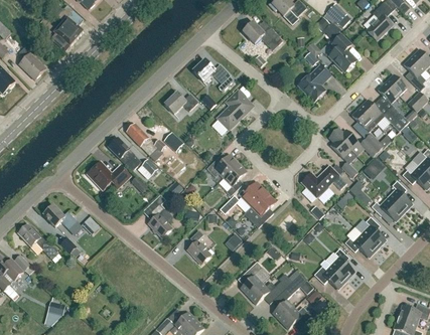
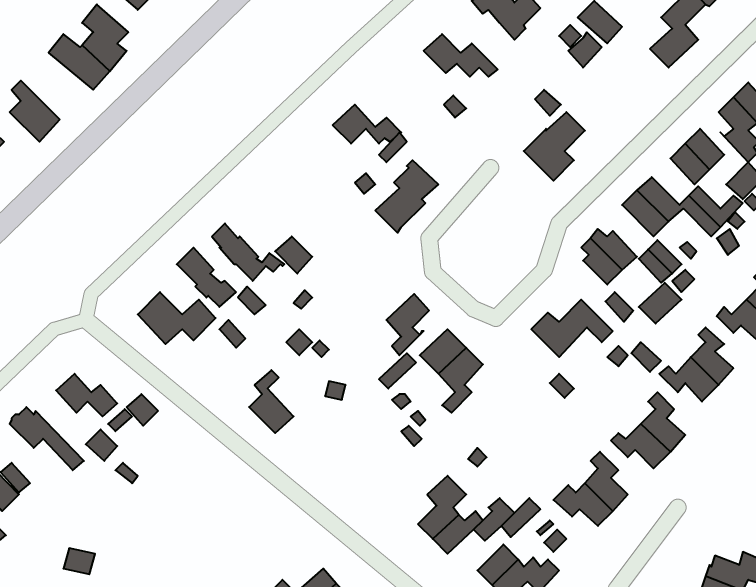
building: [328,34,355,71] -> none
building: [165,93,198,114] -> none
building: [205,154,238,177] -> none
building: [187,230,211,265] -> none

